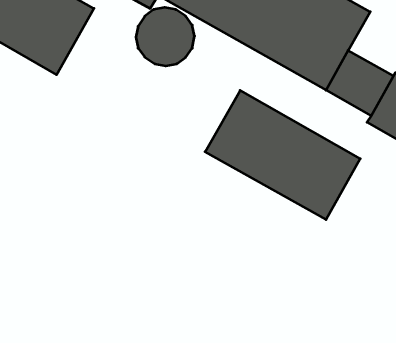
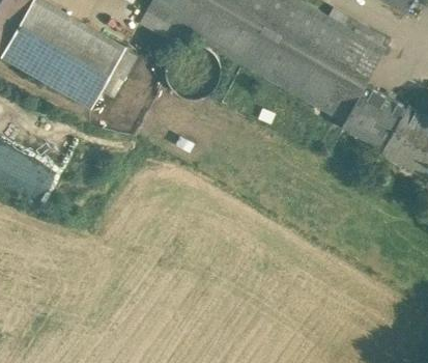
building: [205,90,360,220] -> none

